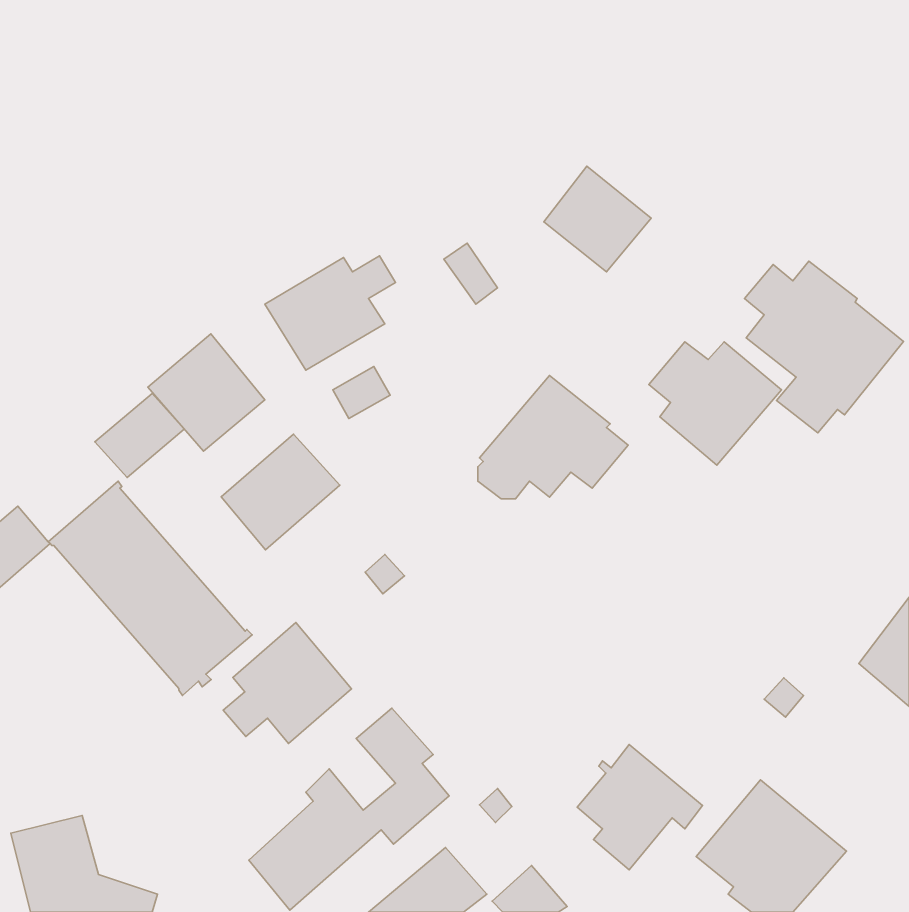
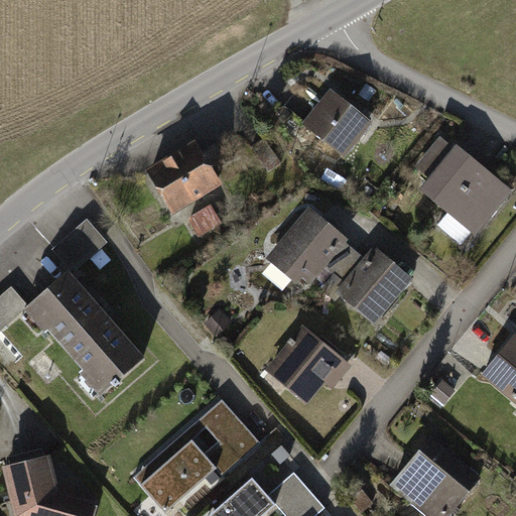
building: [148,334,265,451] -> none
building: [649,342,781,465] -> [334,251,408,320]
building: [221,434,340,550] -> none
building: [223,623,351,744] -> none
building: [577,745,703,870] -> [275,331,346,401]

